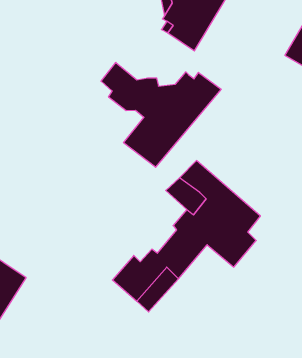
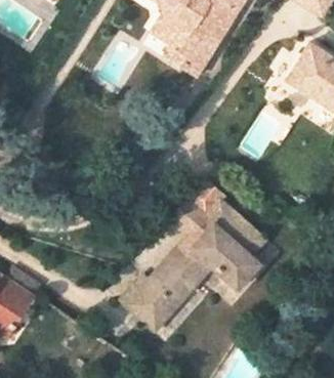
building: [101,62,221,167] -> none

